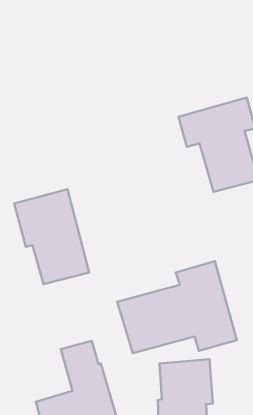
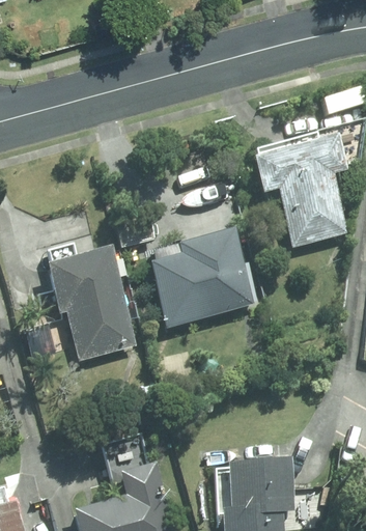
building: none -> [149,224,256,328]
building: [117,261,237,353] -> none

